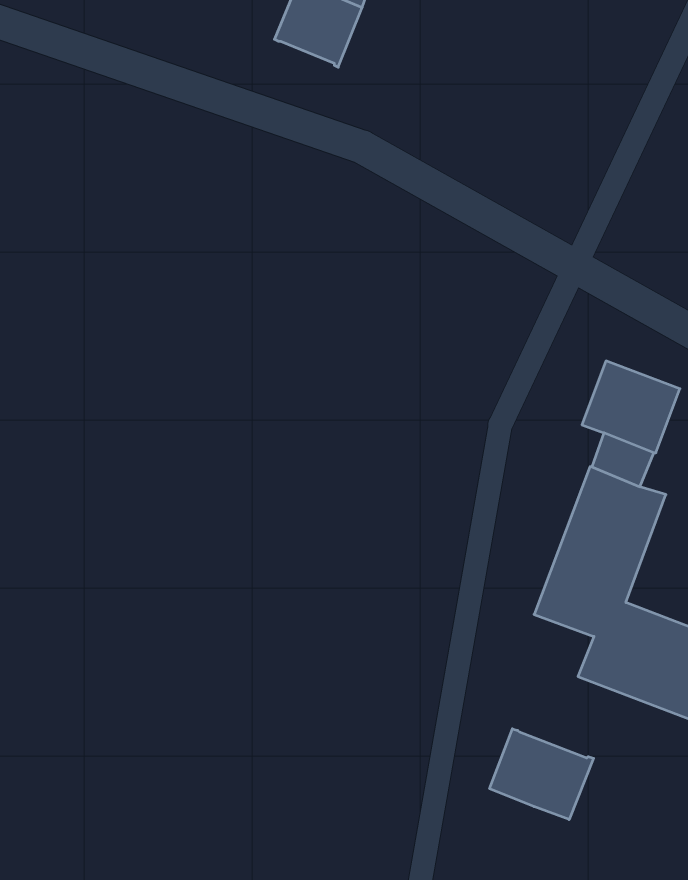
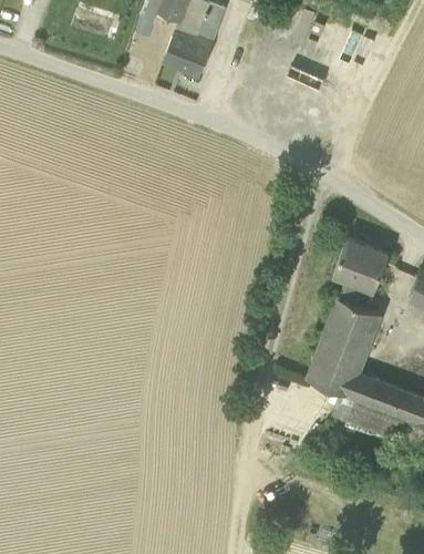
building: [490,729,594,820] -> none

